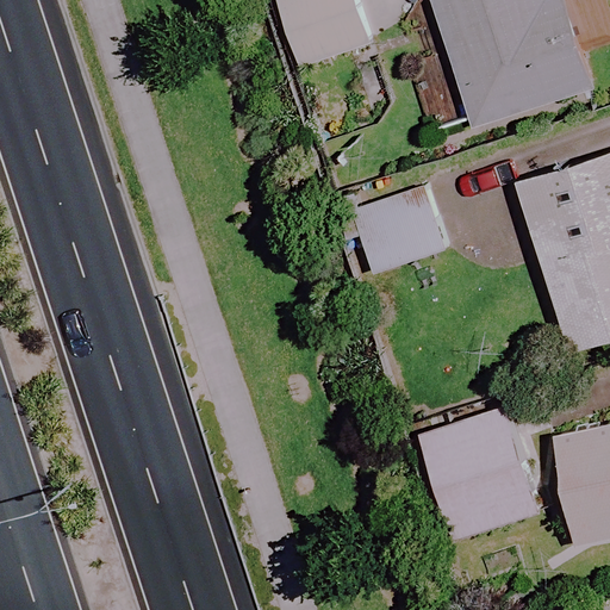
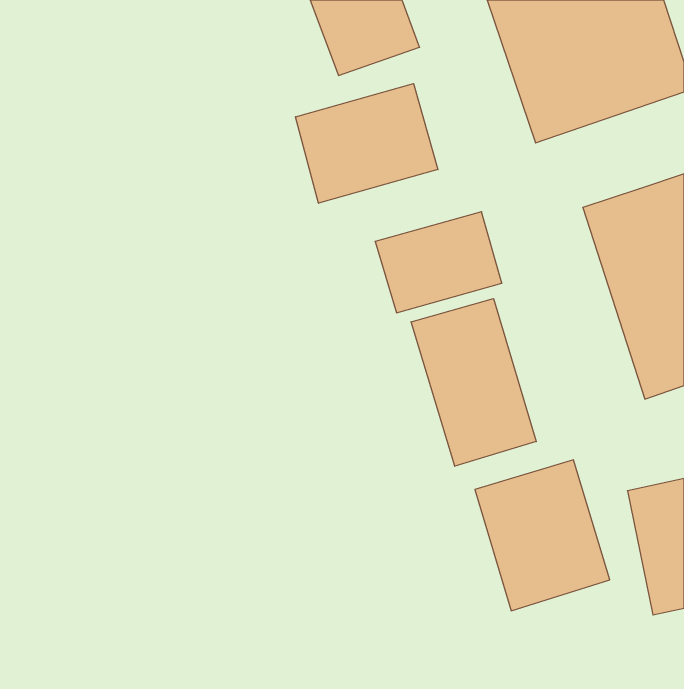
building: none -> [295,84,438,203]
building: none -> [411,299,536,466]

